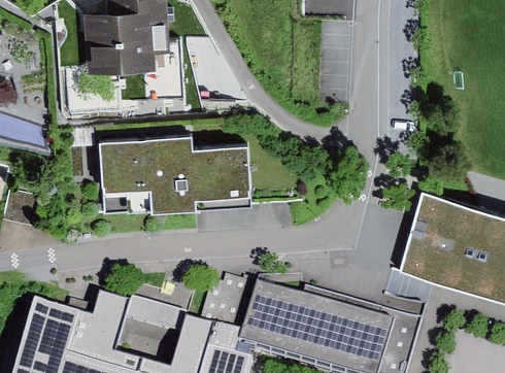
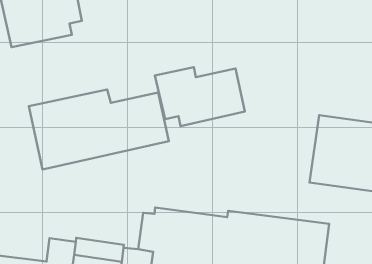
building: none -> [155,67,245,126]

